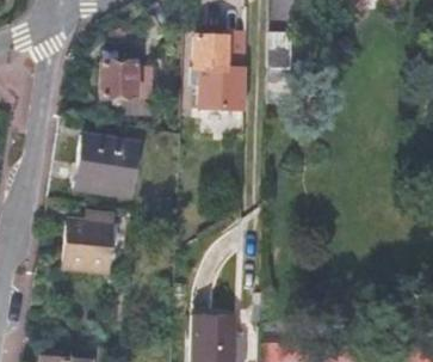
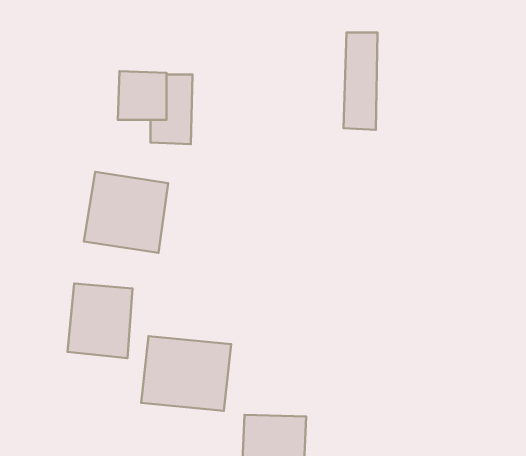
building: [194,35,246,110] -> none
building: none -> [141,336,231,411]

